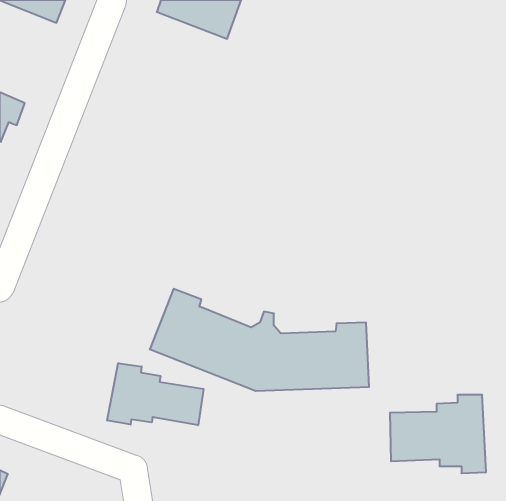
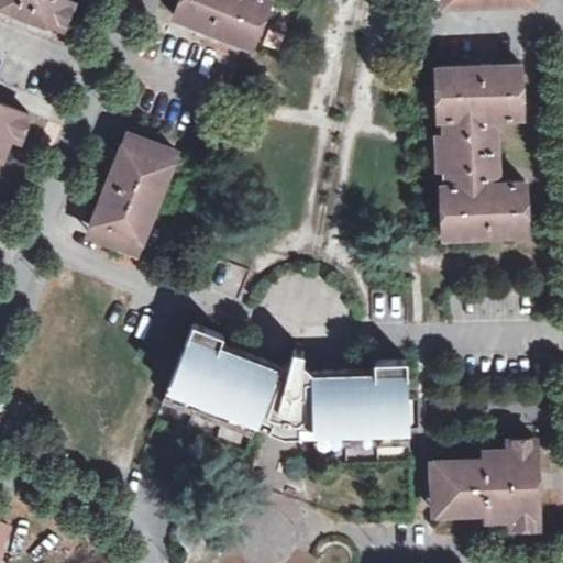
building: none -> [437,68,527,240]
building: none -> [87,135,177,255]
building: [107,363,204,425] -> none

